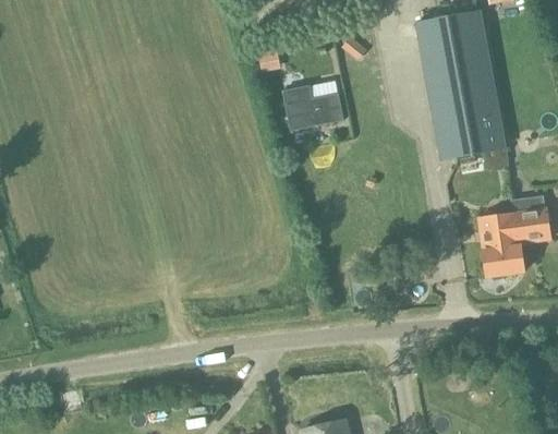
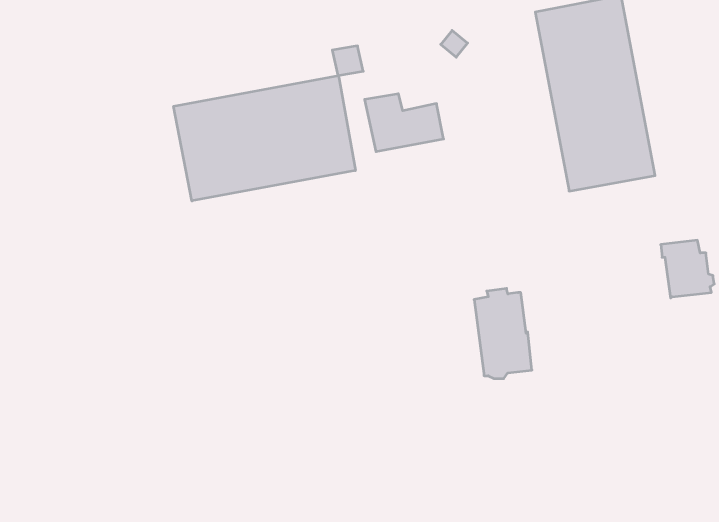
building: none -> [174,75,355,201]
building: [478,209,523,279] -> [474,288,532,379]

